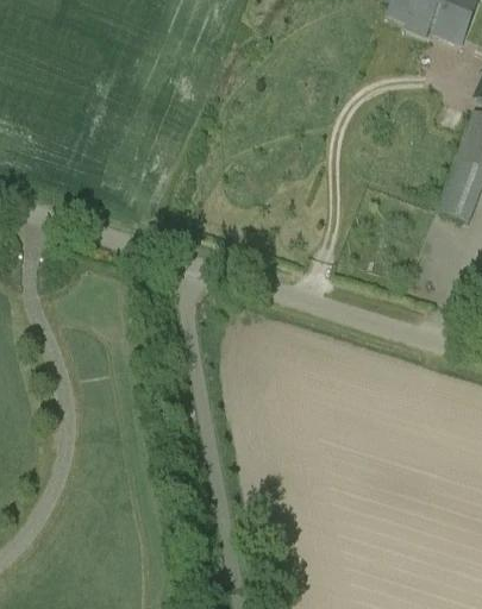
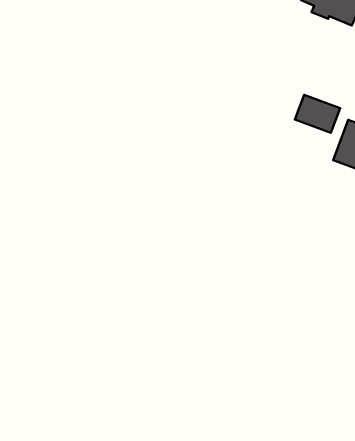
building: none -> [295,95,340,133]

